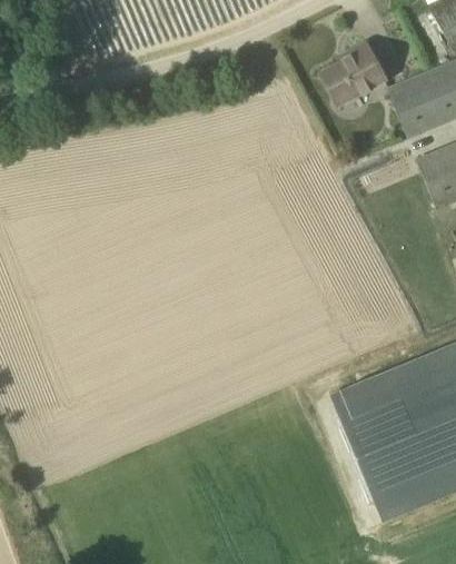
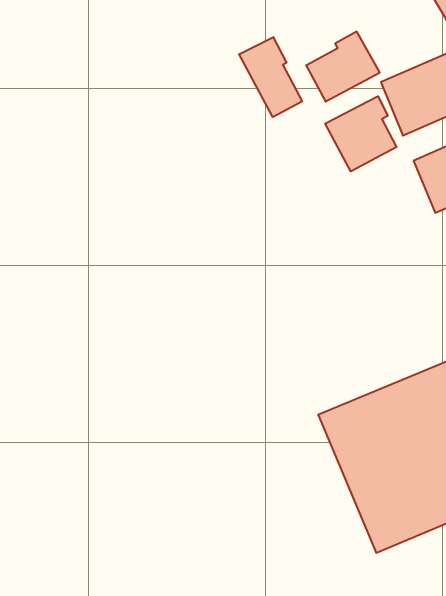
building: none -> [239,37,302,117]
building: none -> [325,96,397,171]

